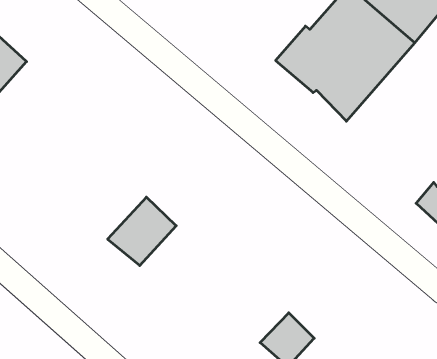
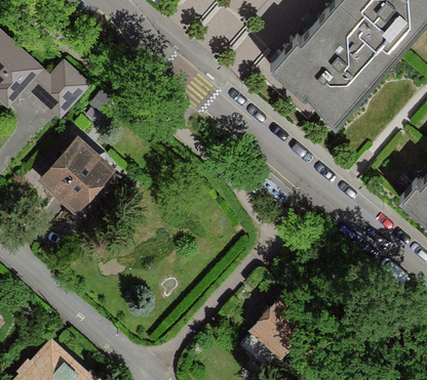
building: none -> [43,61,88,107]
building: [108,197,176,266] -> [43,142,107,206]

